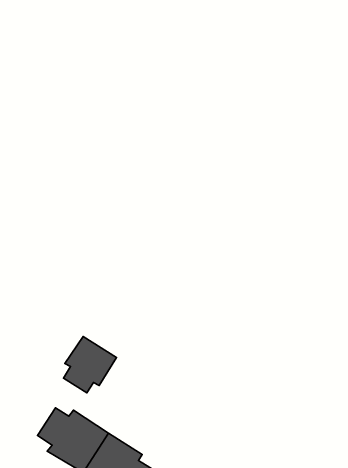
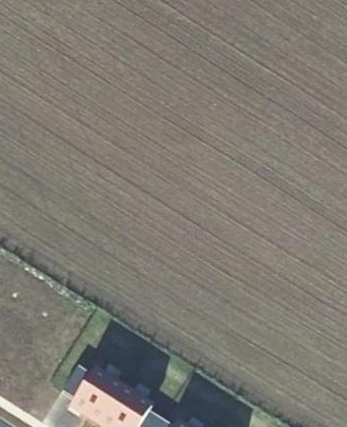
building: [63,336,116,393] -> none

